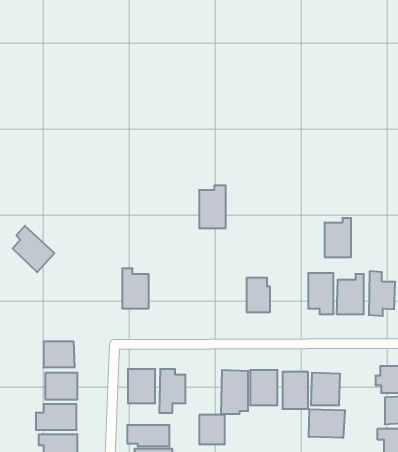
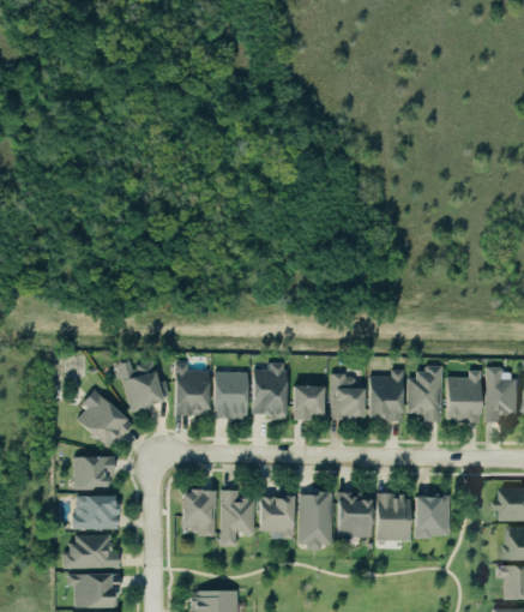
building: [199,185,226,228] -> [252,364,285,418]
building: [324,218,351,257] -> [368,371,402,420]
building: [13,226,54,272] -> [78,390,131,449]
building: none -> [124,364,170,410]
building: none -> [213,373,246,418]
building: none -> [291,386,321,418]
building: [309,409,345,438] -> none
building: [199,415,225,444] -> [259,496,291,533]
building: [128,425,169,447] -> none

